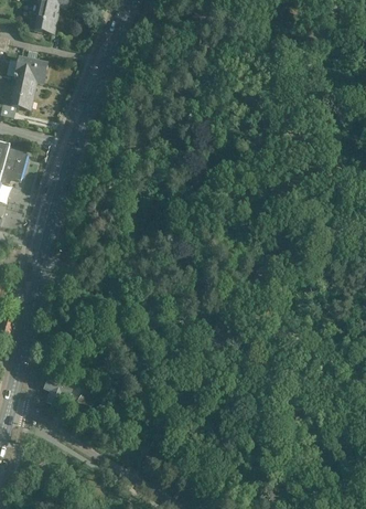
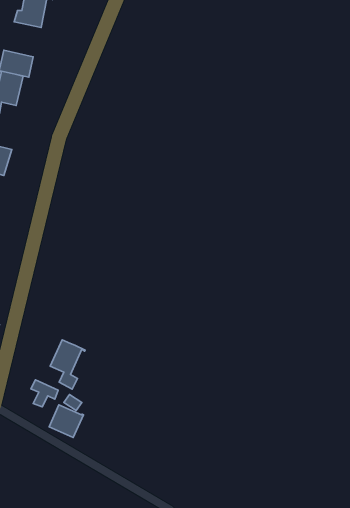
building: none -> [50,340,85,389]
building: none -> [49,405,83,438]

